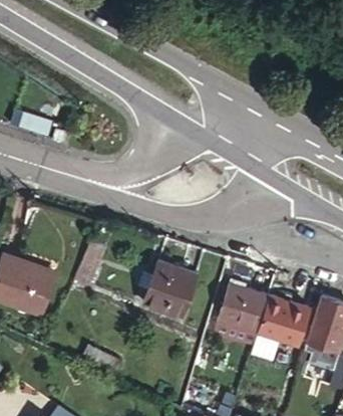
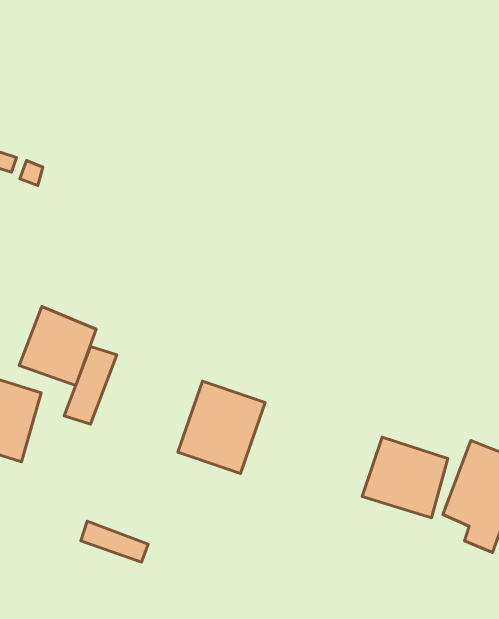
building: none -> [19,307,96,386]
building: [219,284,268,331] -> none

